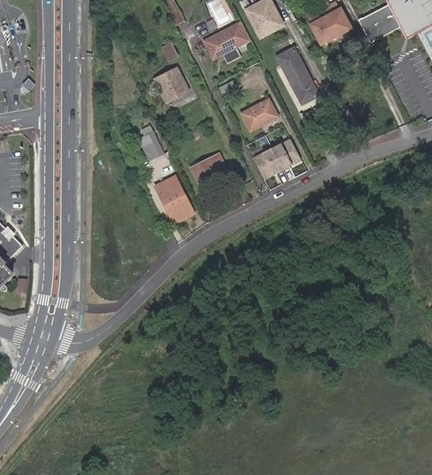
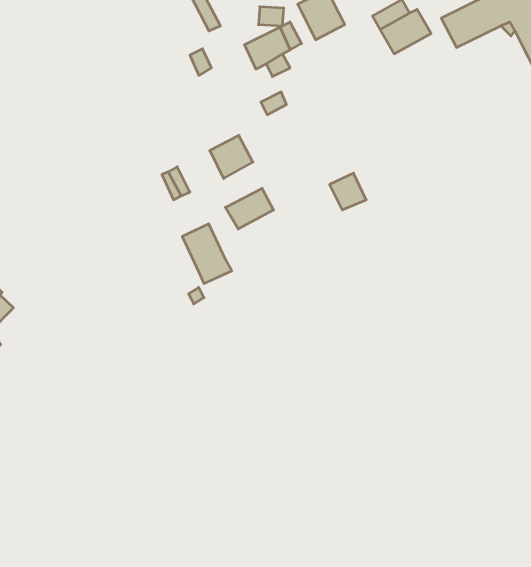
building: [276,45,317,100] -> none
building: [154,68,188,102] -> [210,135,253,179]
building: [240,97,278,130] -> none
building: [253,148,281,177] -> none

